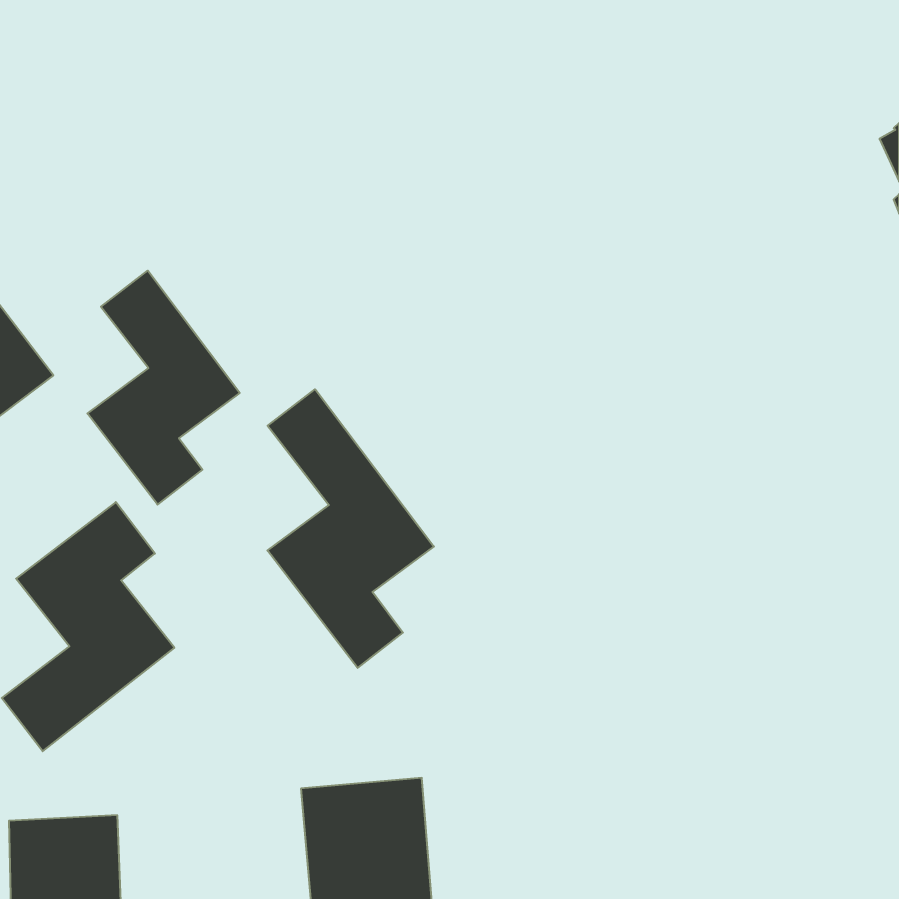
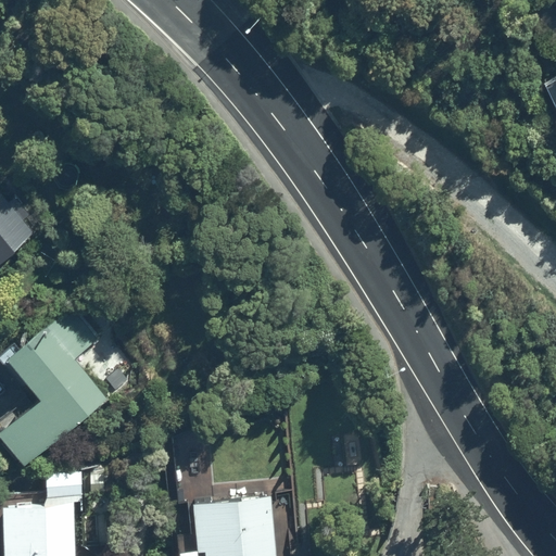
building: [87,271,240,505] -> none
building: [267,389,434,668] -> none

